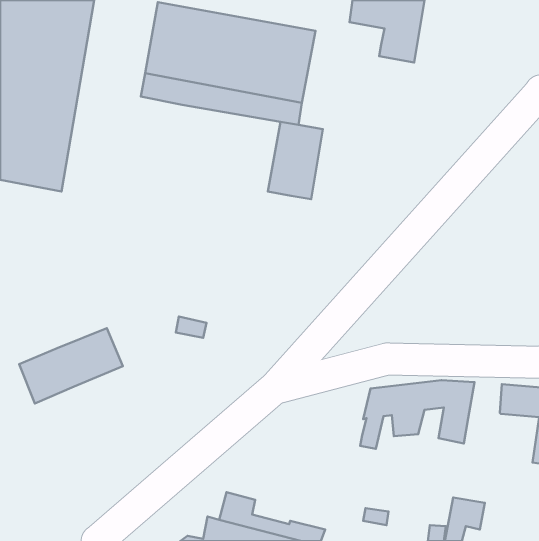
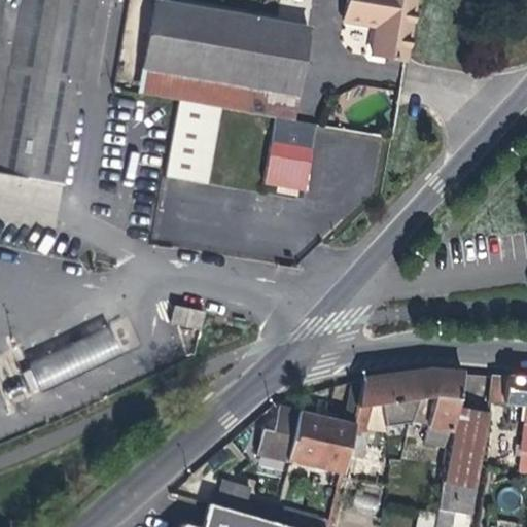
building: none -> [166,102,220,183]
building: none -> [257,406,354,472]
building: none -> [443,407,488,489]

